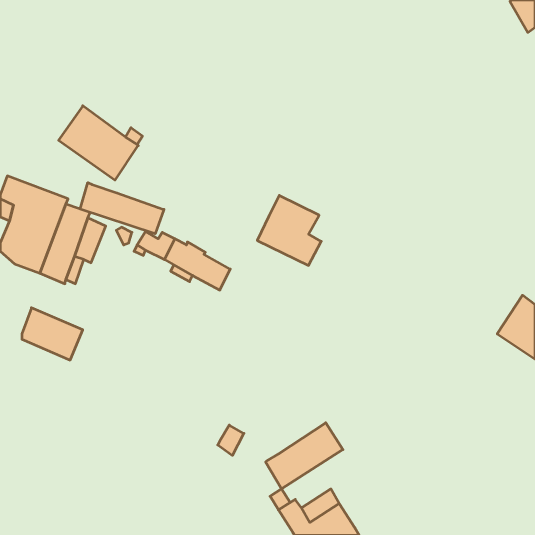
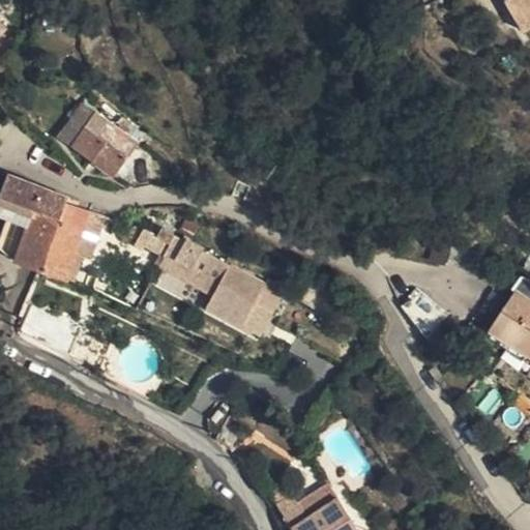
building: [80,183,164,234] -> none
building: [257,195,321,265] -> [206,266,269,335]
building: [266,423,343,489] -> none

